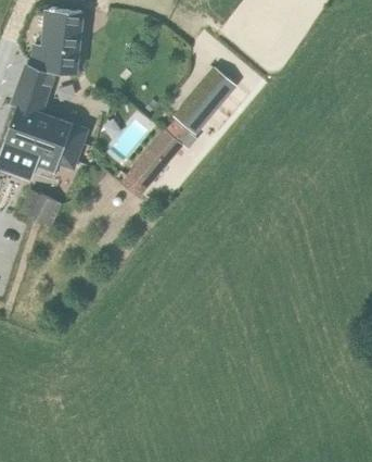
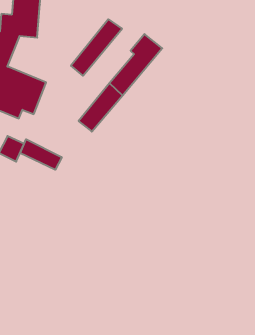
building: none -> [71,19,122,76]
building: none -> [20,139,62,170]

